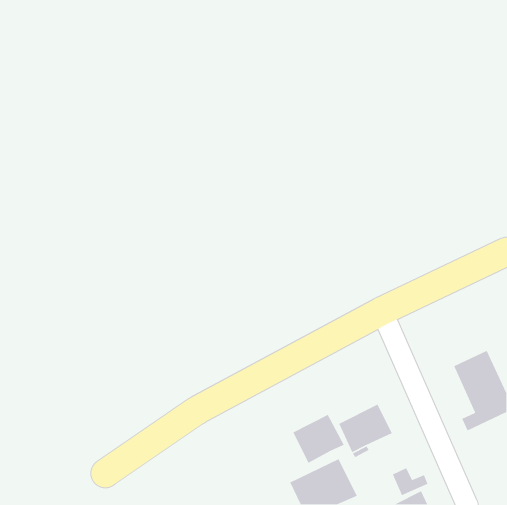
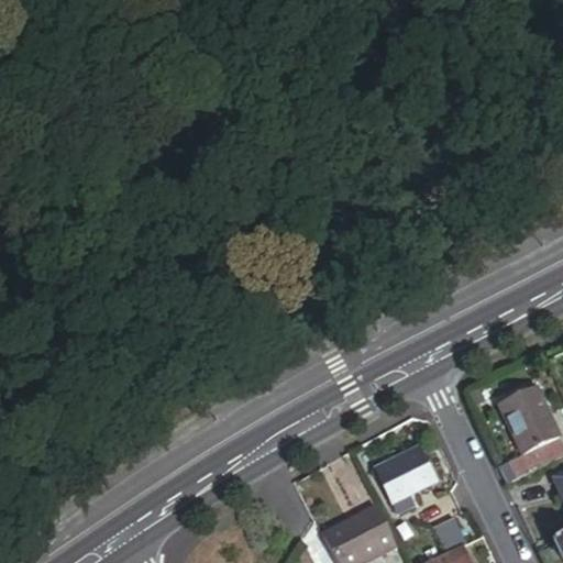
building: [292,414,345,464] -> none

